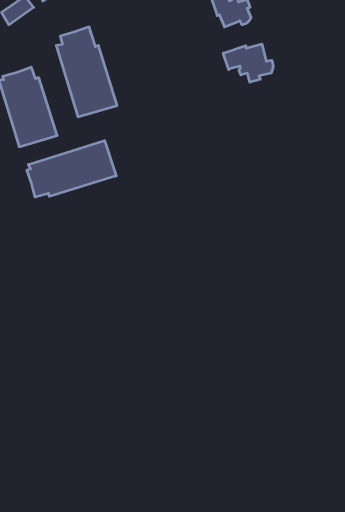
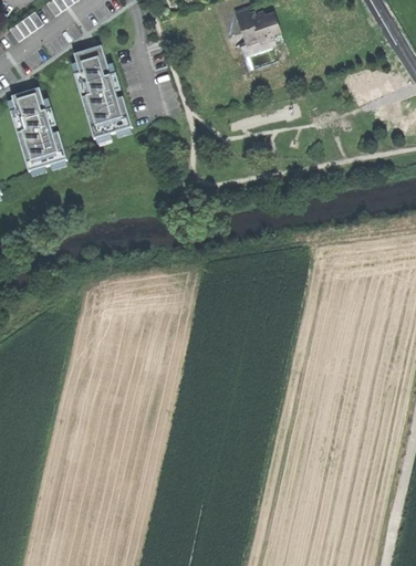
building: [223,44,273,82] -> none
building: [27,141,116,197] -> none

